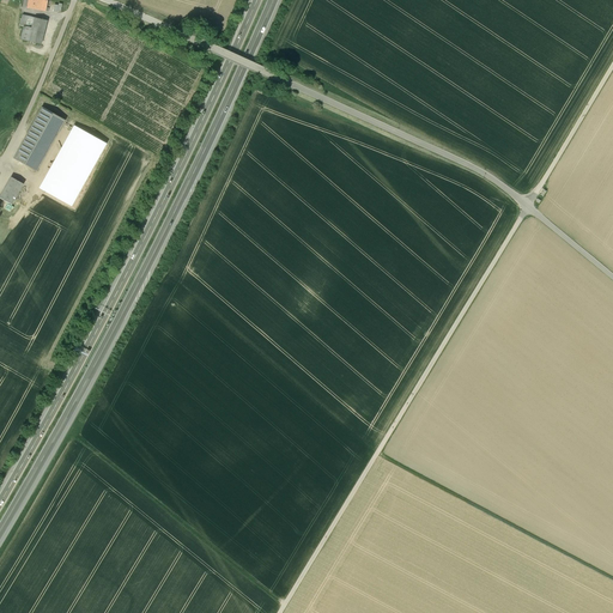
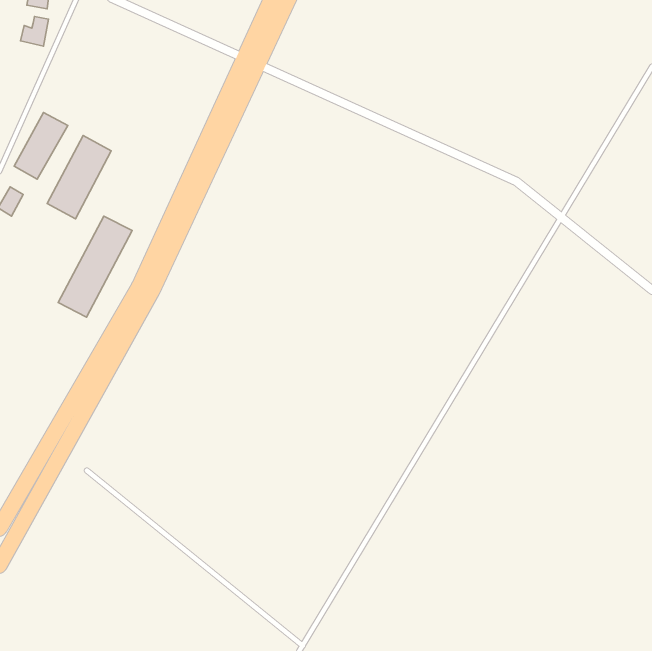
building: none -> [58,216,132,317]

